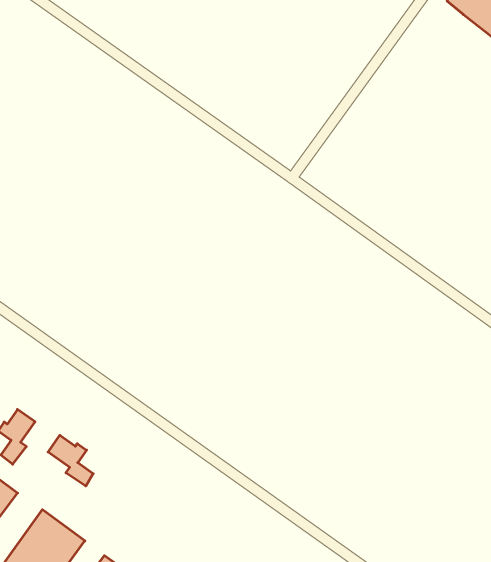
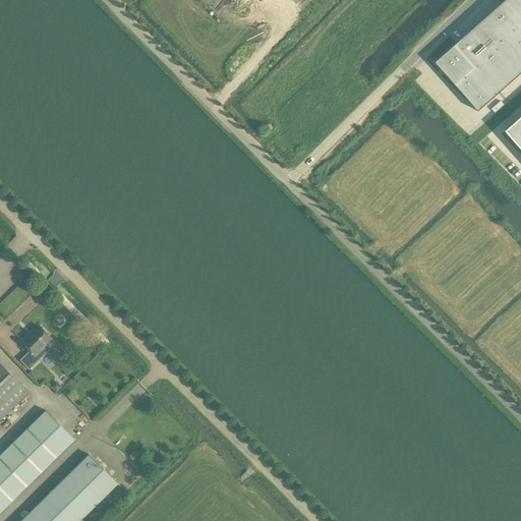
building: [48,435,93,486] -> none

